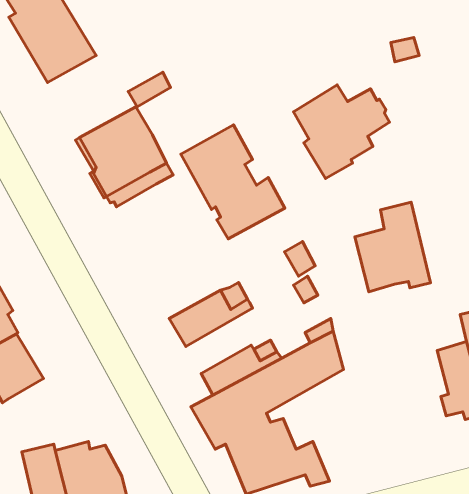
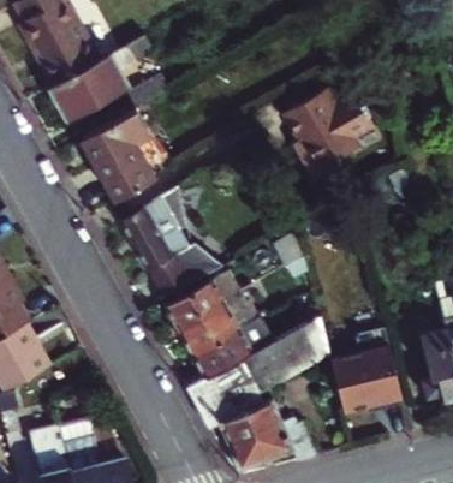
building: none -> [49,35,153,120]
building: [181,125,285,239] -> [121,193,219,300]
building: [355,202,430,292] -> [333,332,404,416]
building: none -> [183,298,257,359]

